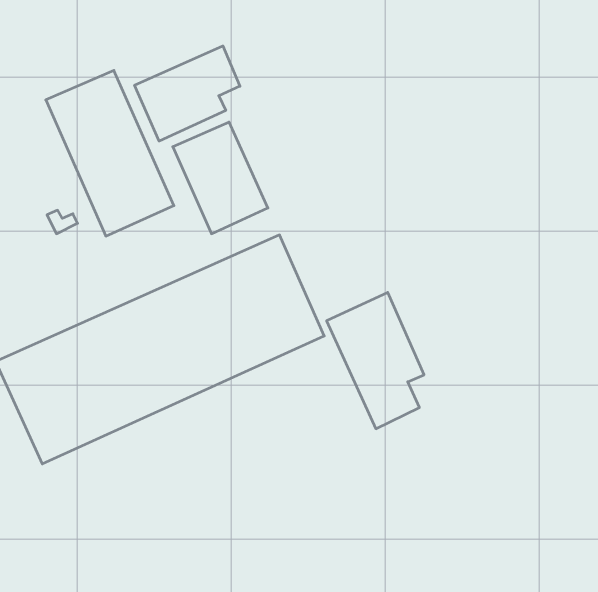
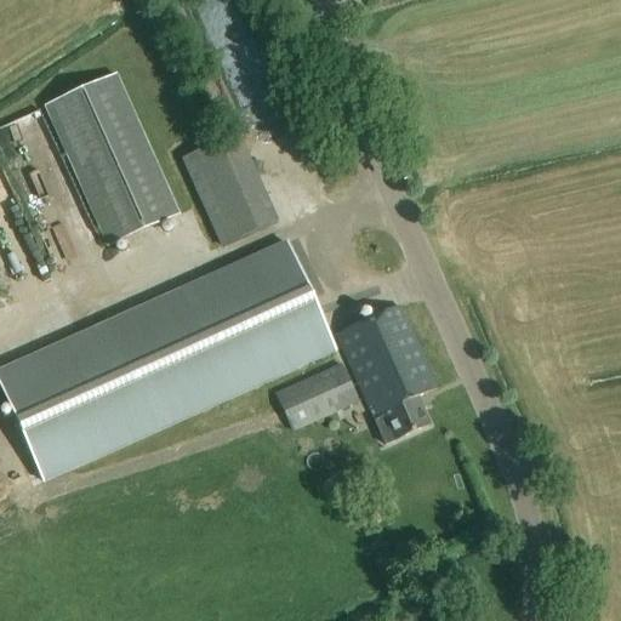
building: [135,46,240,141] -> none
building: none -> [272,357,357,426]

